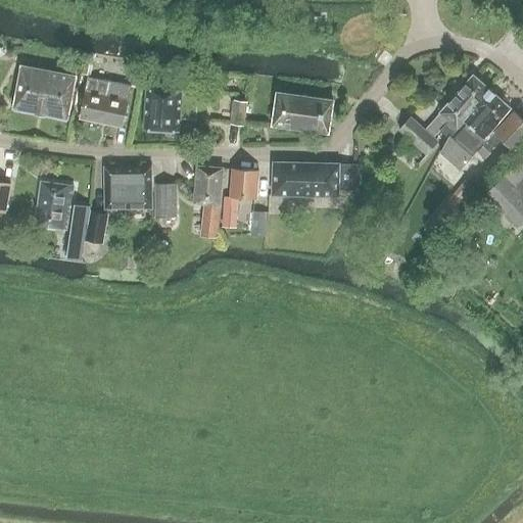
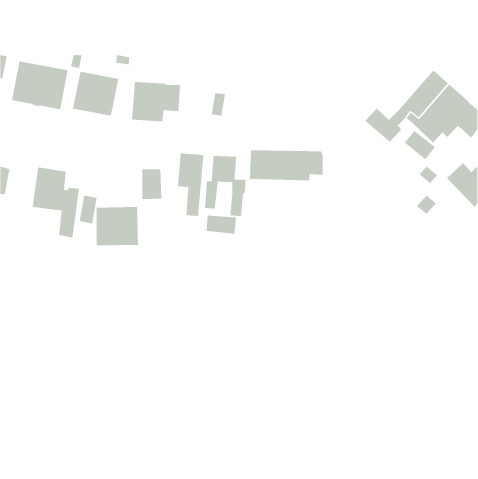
building: [272,93,332,134] -> none
building: [104,167,151,209] -> [96,207,139,246]
building: none -> [206,215,237,234]

